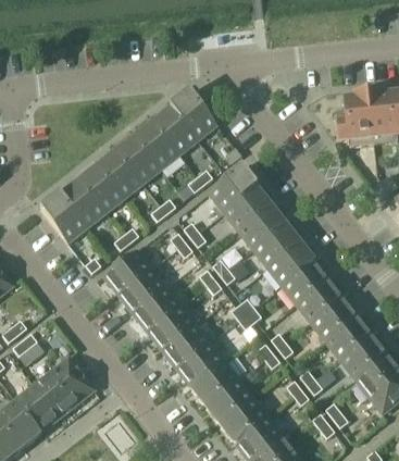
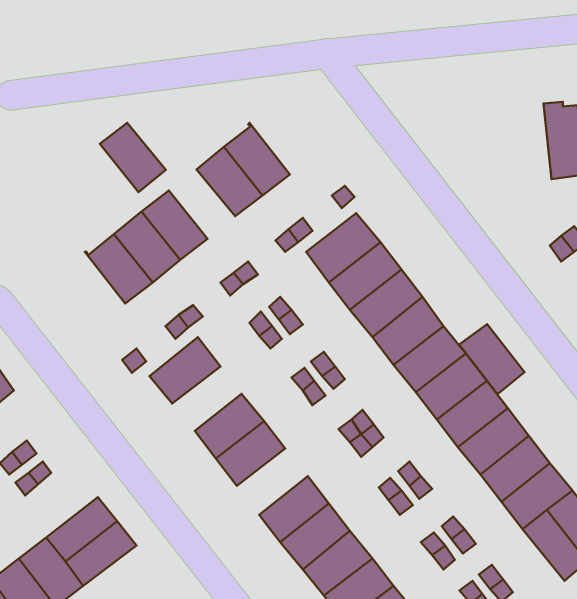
building: [171,89,217,139] -> none
building: [337,91,374,145] -> none
building: [116,136,161,183] -> [100,123,166,192]
building: [40,191,87,241] -> none
building: none -> [459,324,525,394]
building: [119,269,165,312] -> none
building: [162,324,210,369] -> none

